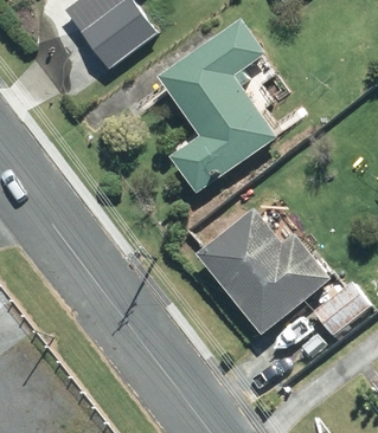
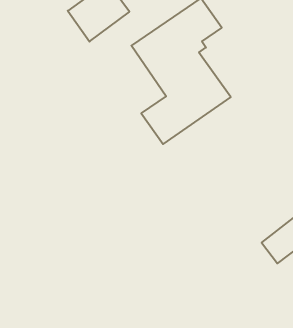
building: [196,209,331,335] -> none

